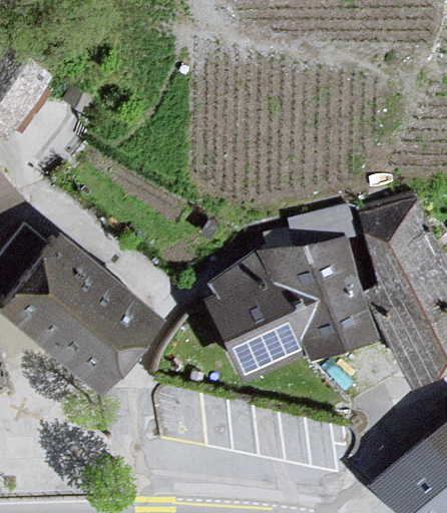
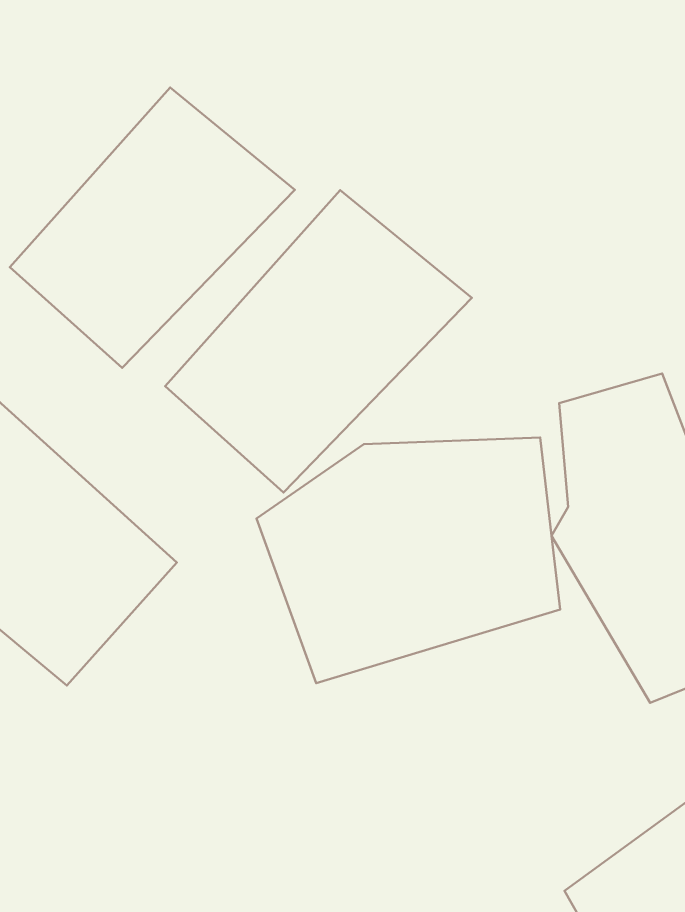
building: none -> [10,88,295,368]
building: none -> [165,190,472,493]

